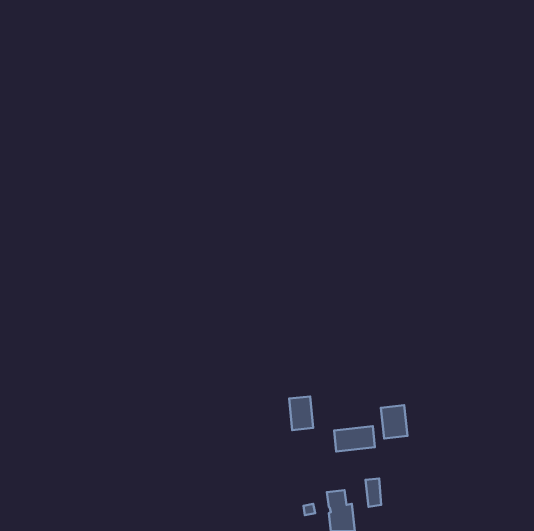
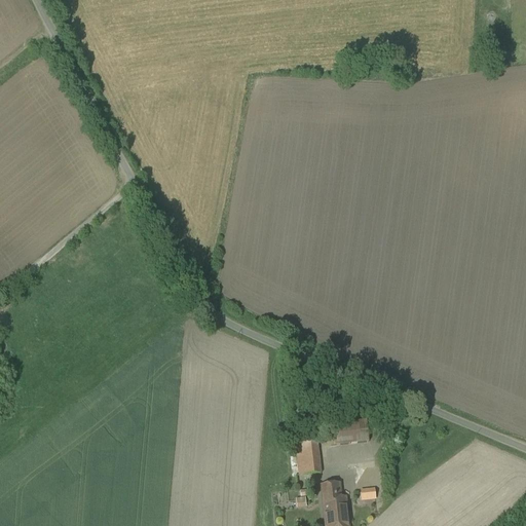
building: [289,397,313,430] -> [297,440,321,473]
building: [381,405,407,439] -> none

